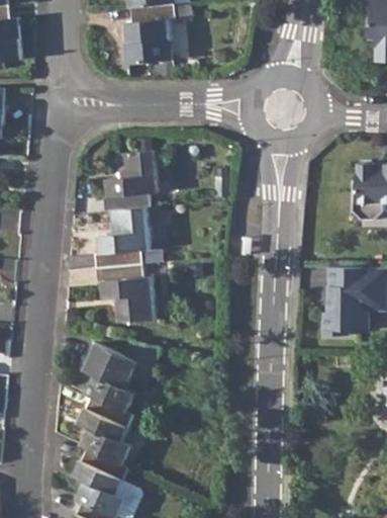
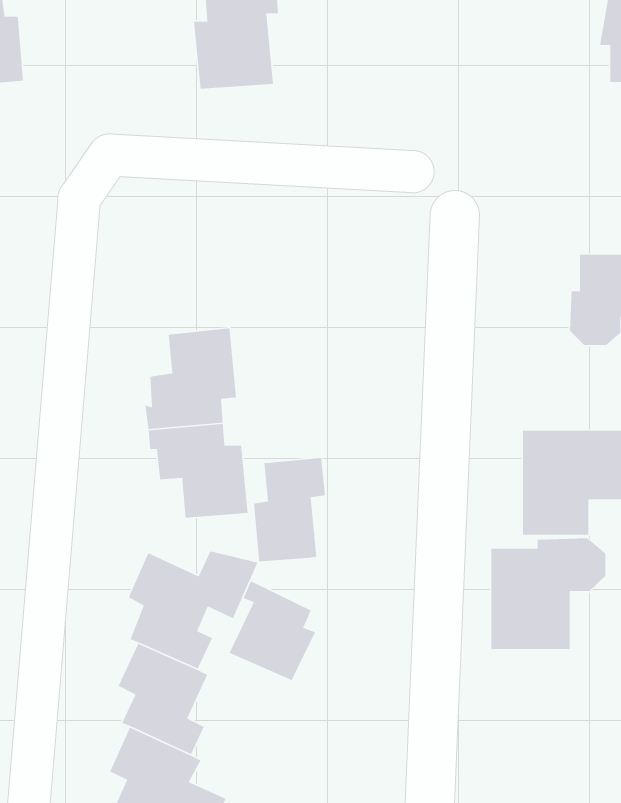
building: [103,150,158,211] -> none
building: none -> [253,457,326,562]
building: none -> [491,537,606,650]
building: none -> [229,580,316,681]

